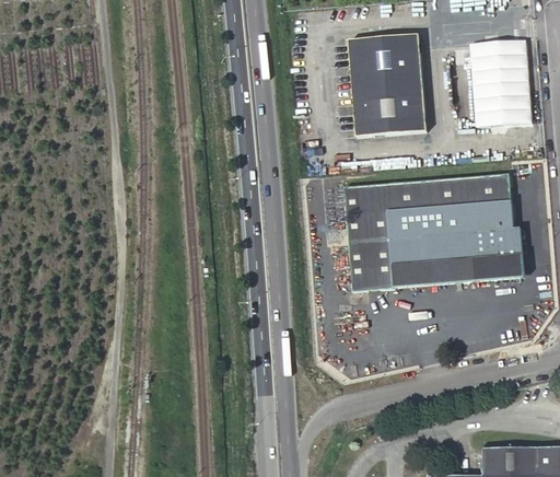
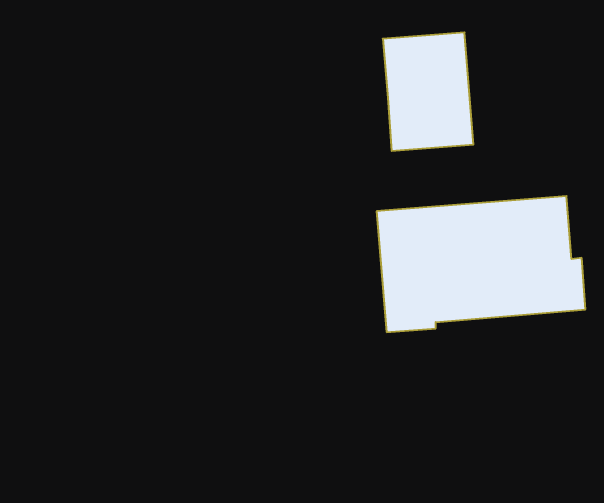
building: [471,37,530,124] -> none

